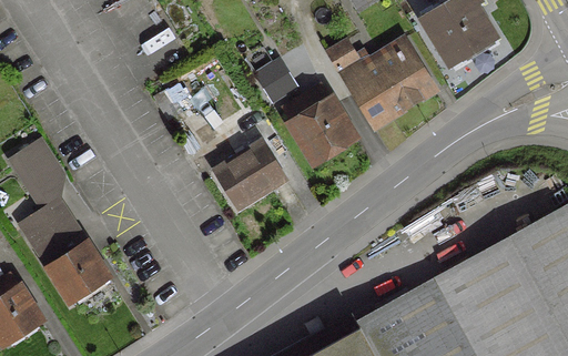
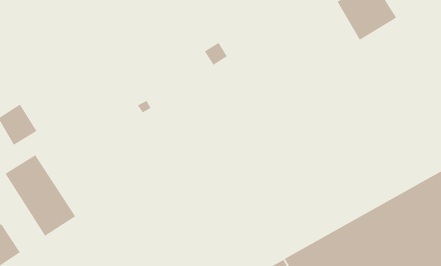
building: [321,28,434,129] -> none
building: [283,85,354,161] -> none
building: [215,142,285,207] -> none

